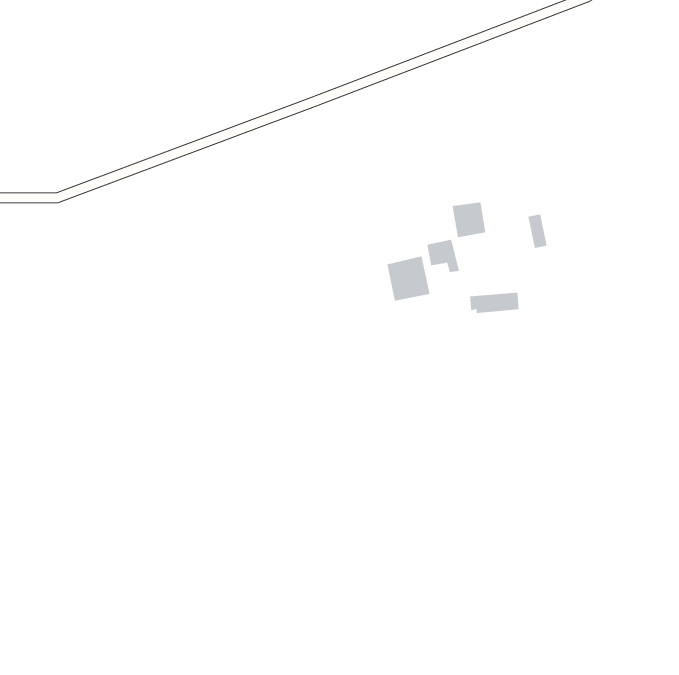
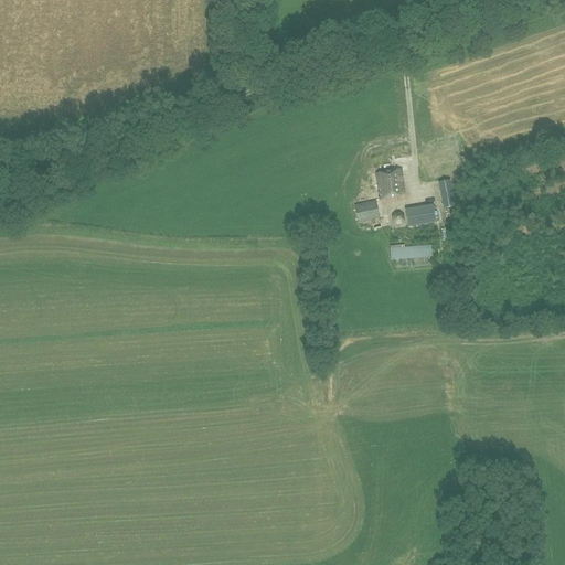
building: none -> [405,201,439,224]
building: [387,255,430,302] -> none

